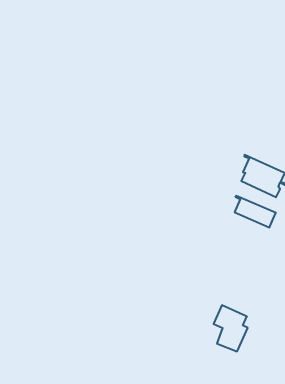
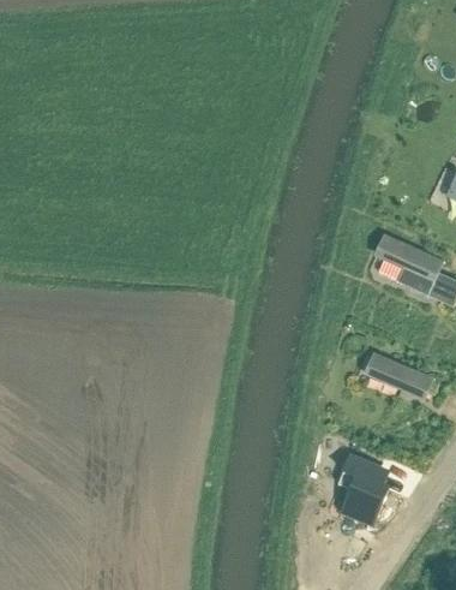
building: [235,196,276,228] -> [371,351,432,398]

